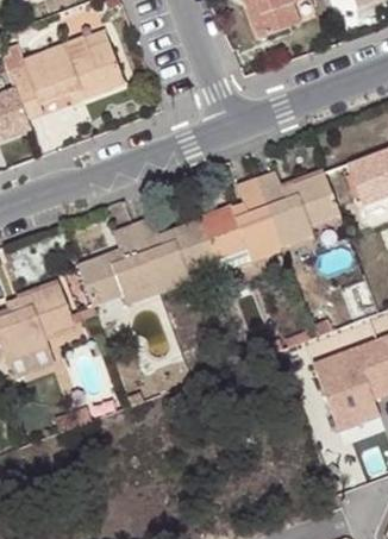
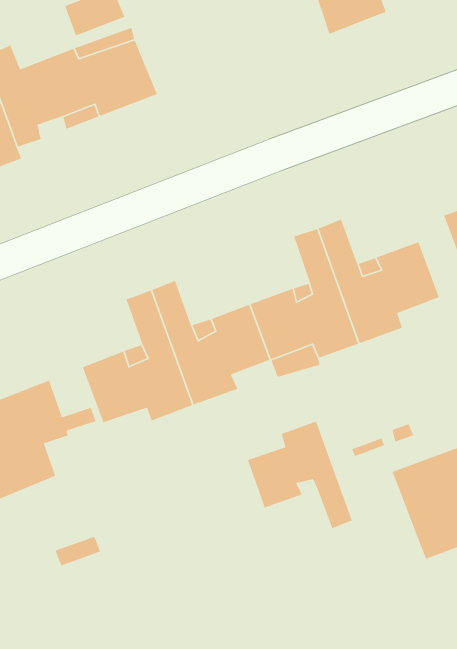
building: none -> [247,421,353,529]

